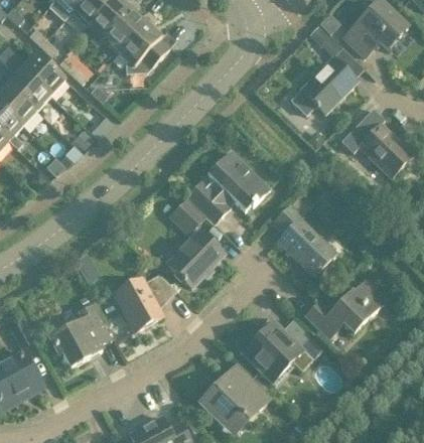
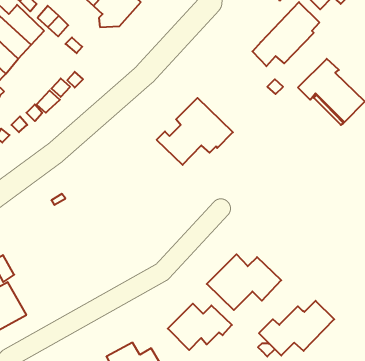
building: [167,198,225,287] -> none
building: [273,204,335,275] -> none
building: [115,273,176,330] -> none
building: [305,279,387,338] -> [259,301,334,356]
building: [50,303,114,366] -> none

